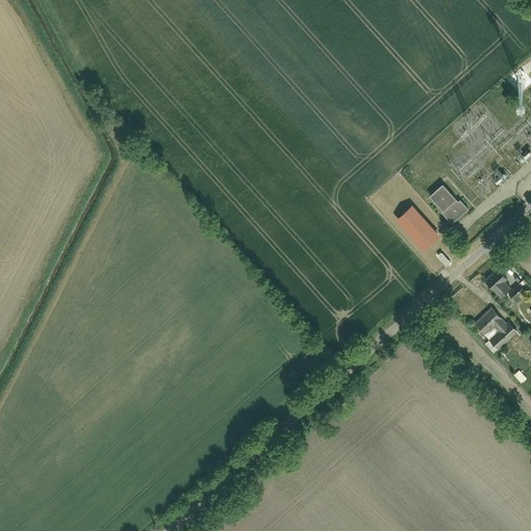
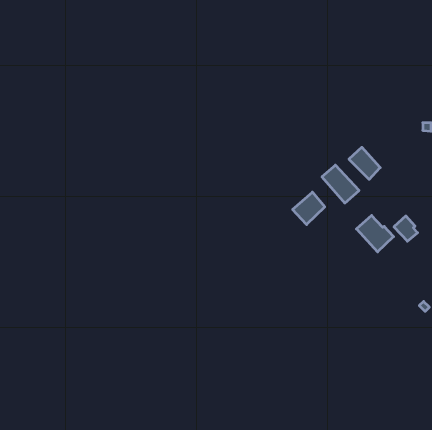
building: none -> [293,192,325,225]
building: [473,307,519,352] -> [356,215,394,252]

